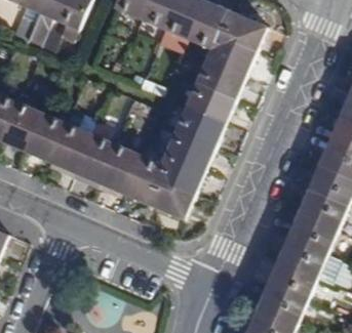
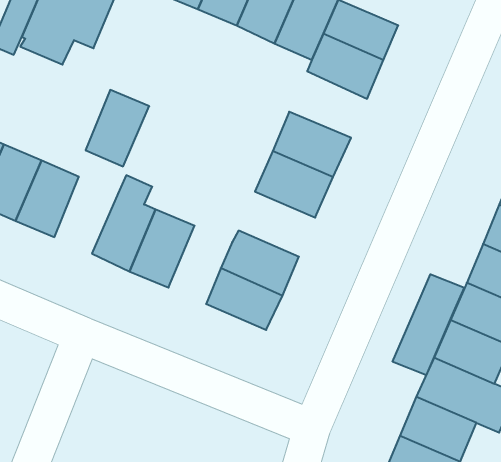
building: [196,55,245,97] -> none
building: [48,122,88,170] -> [86,90,149,166]
building: [164,131,212,172] -> none
building: [120,153,160,202] -> none
building: none -> [393,274,464,375]

